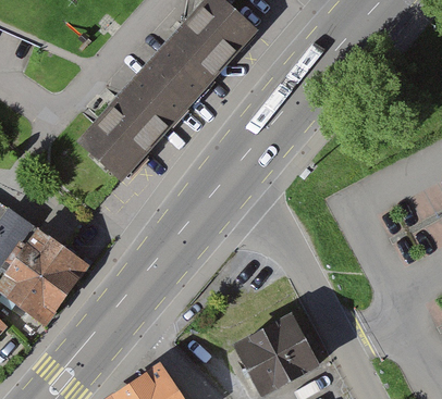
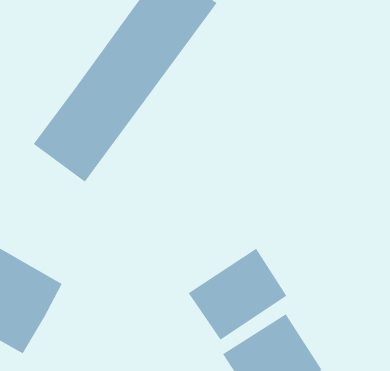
building: none -> [188,248,287,340]

